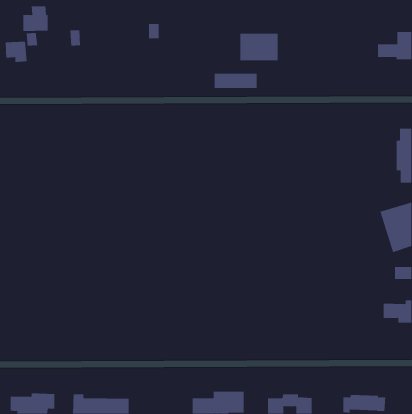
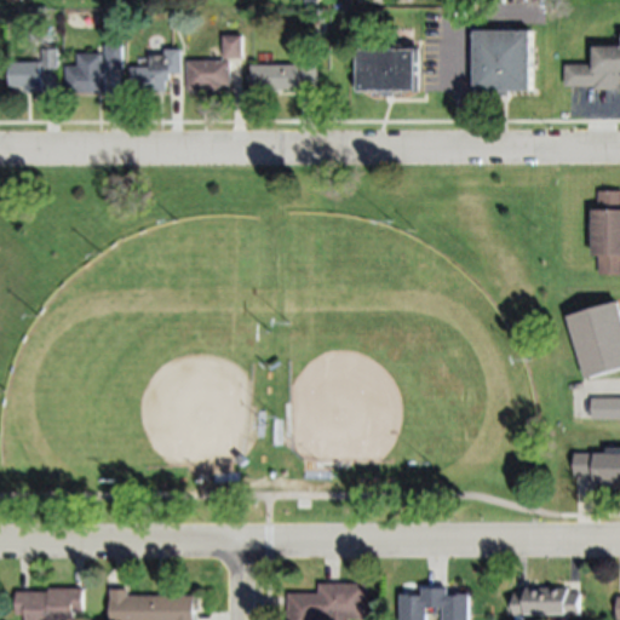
building: [23,6,49,32] -> [64,53,103,92]
building: none -> [475,31,529,91]
building: none -> [128,47,179,90]
building: none -> [185,62,228,91]
building: [214,73,257,89] -> [249,65,315,88]

